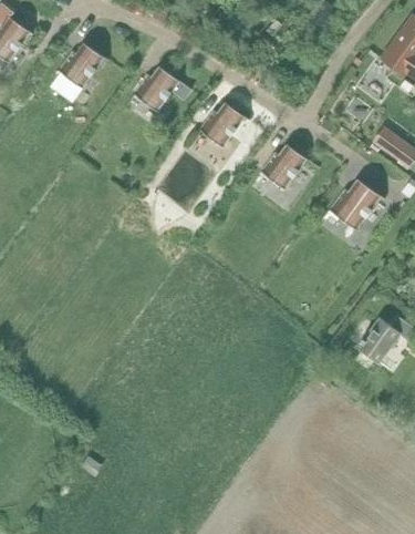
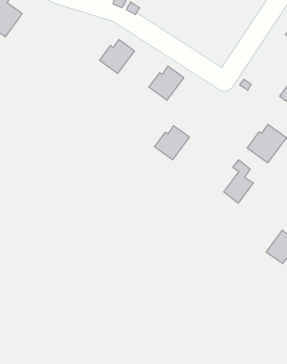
building: [59,42,105,88] -> none
building: [261,143,308,188] -> [154,126,189,160]
building: none -> [224,160,253,203]

